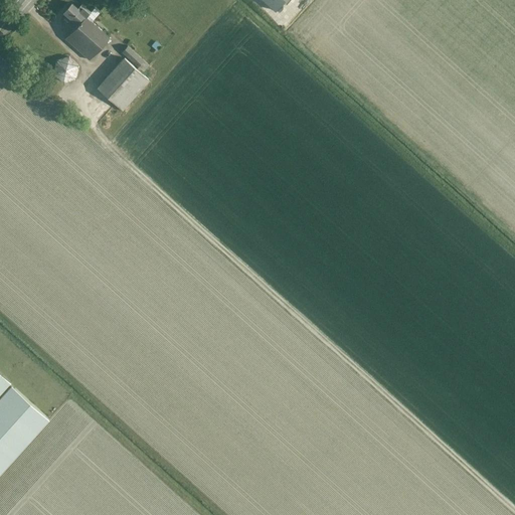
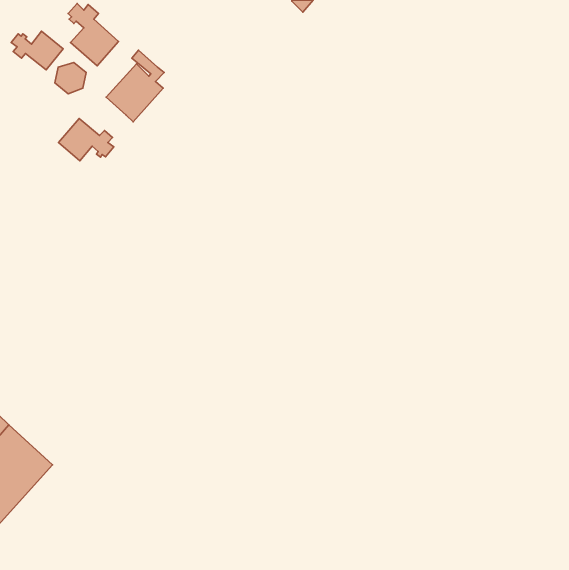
building: none -> [11,31,63,70]
building: none -> [58,119,114,161]

